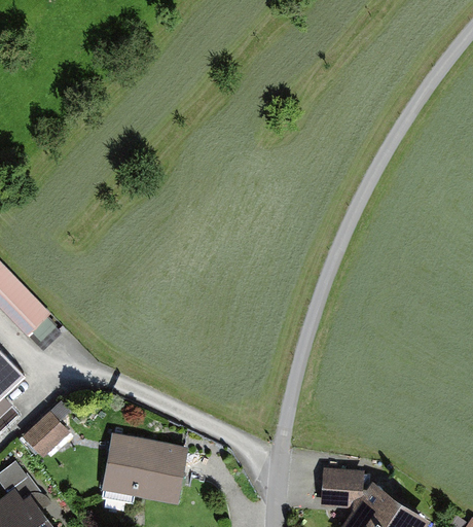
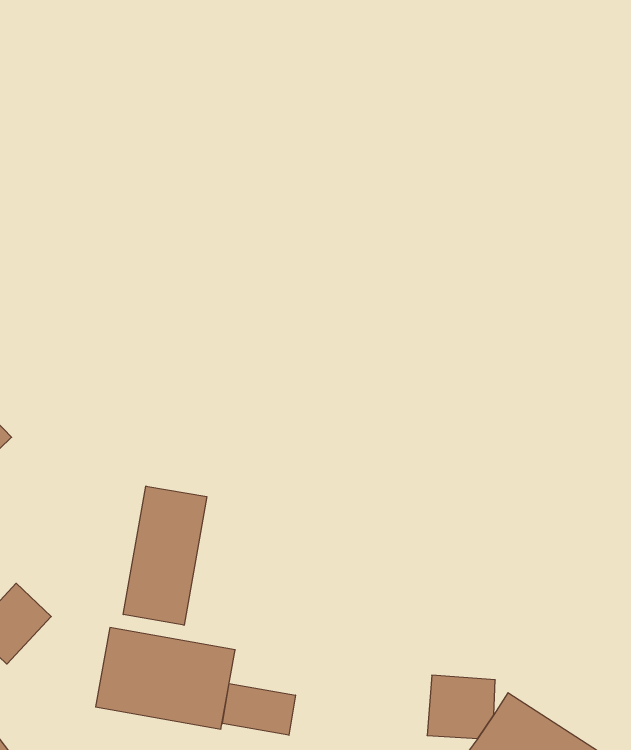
building: none -> [123,486,207,625]
building: none -> [223,683,295,735]

